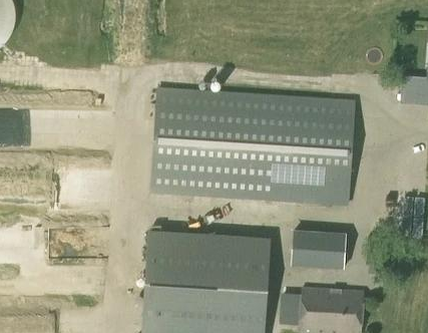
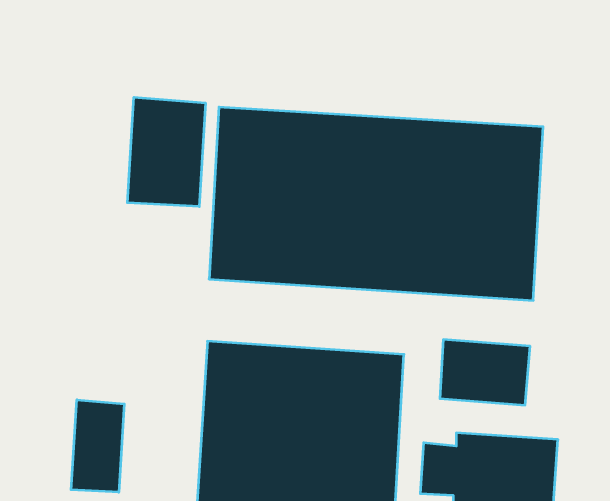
building: none -> [127,97,205,207]
building: none -> [71,400,124,492]

